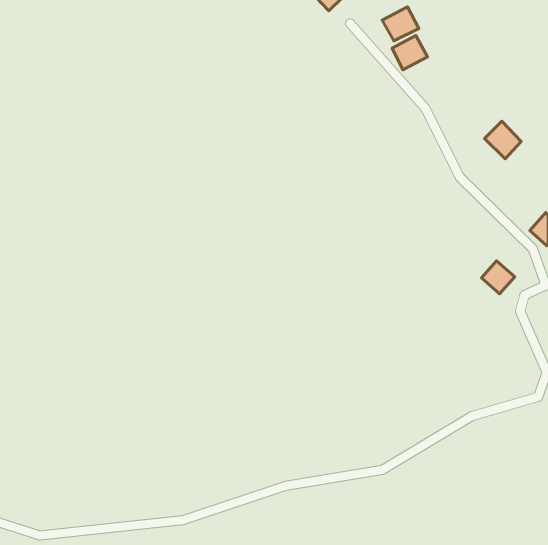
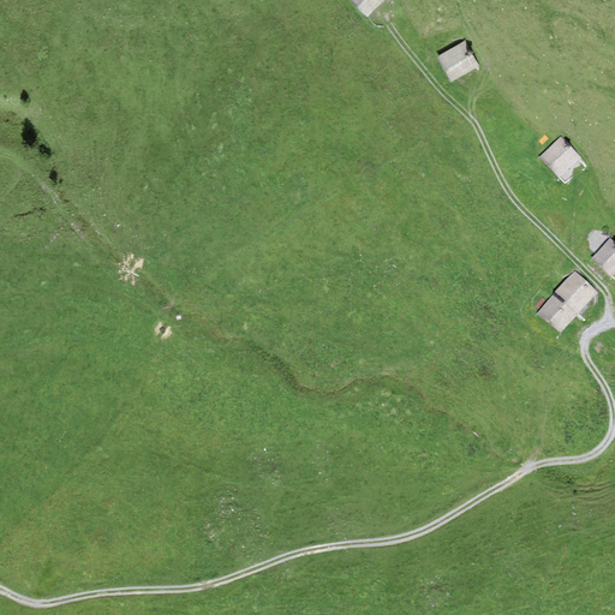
building: [382,7,419,41] -> none
building: none -> [555,270,595,310]

